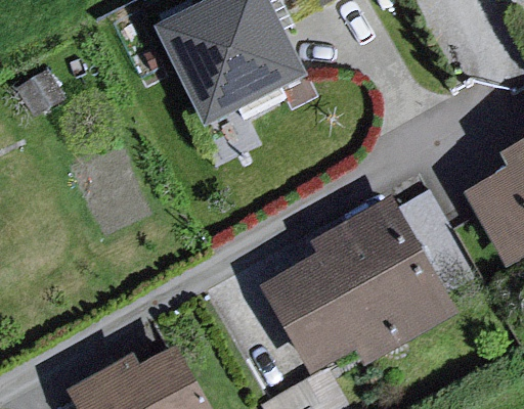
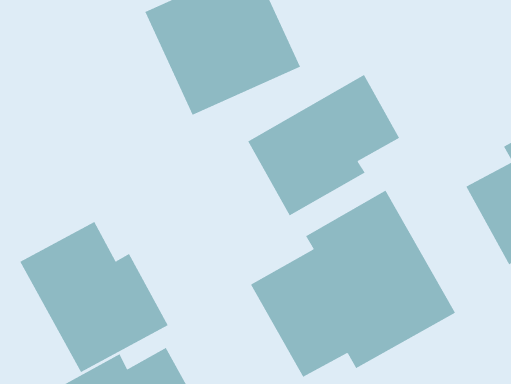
building: none -> [248,74,400,216]
building: none -> [19,221,168,373]

